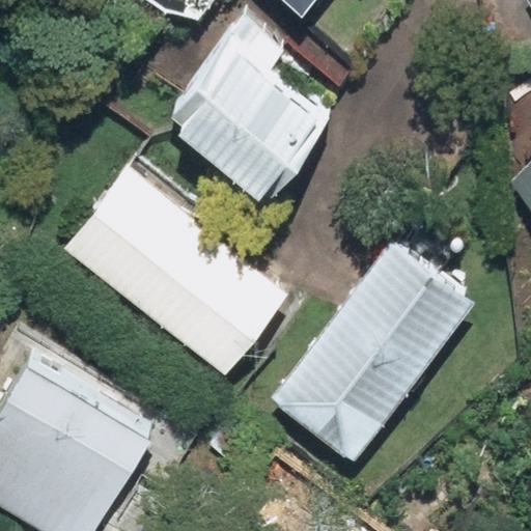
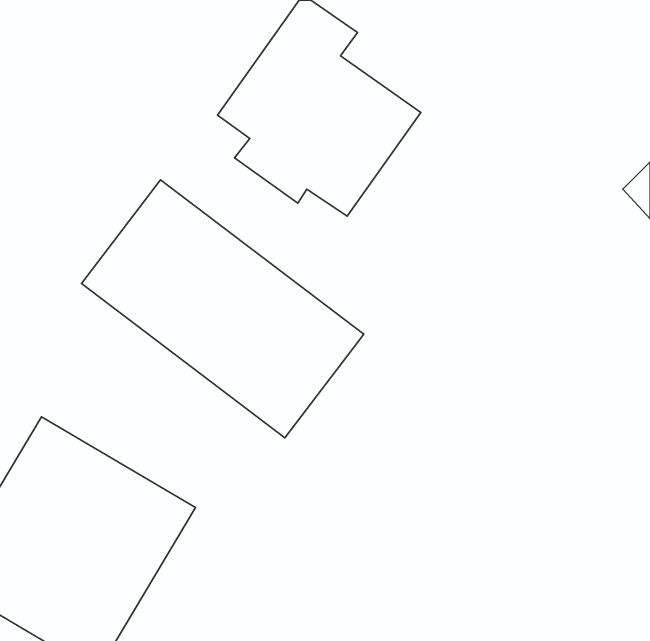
building: [274,229,479,452] -> none

